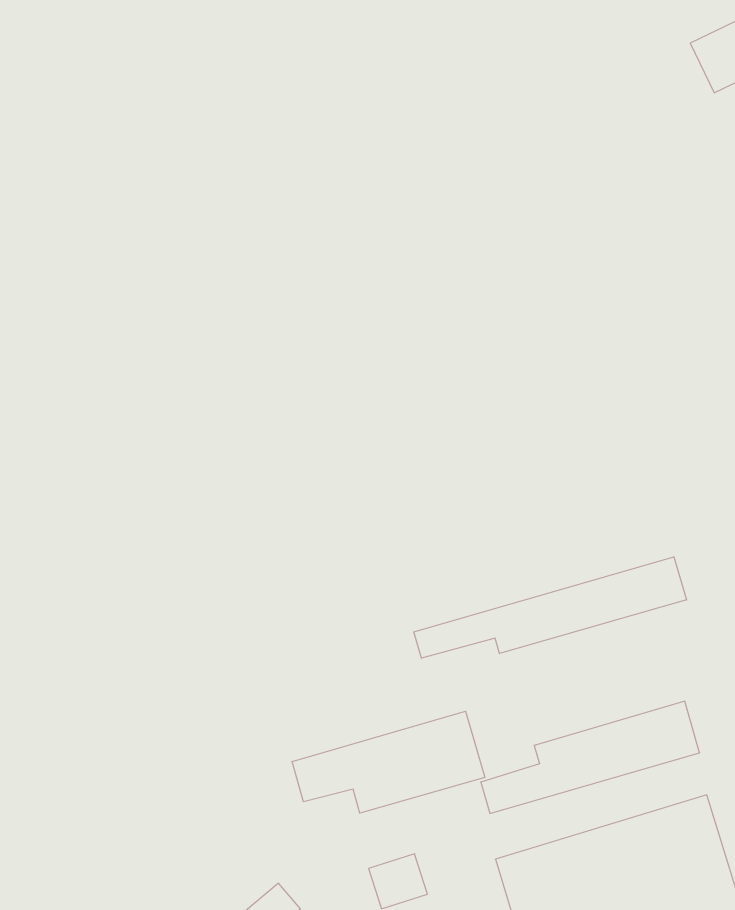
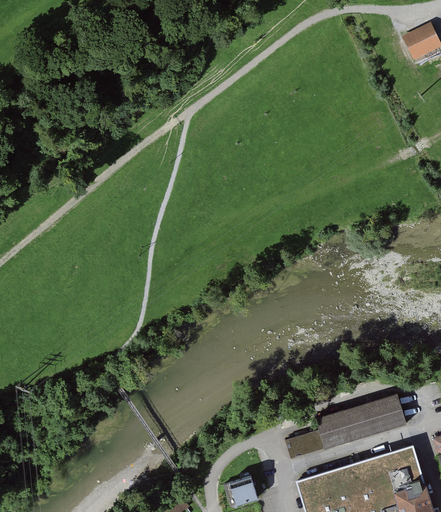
building: [414,557,687,658] -> none
building: [292,711,485,813] -> none

